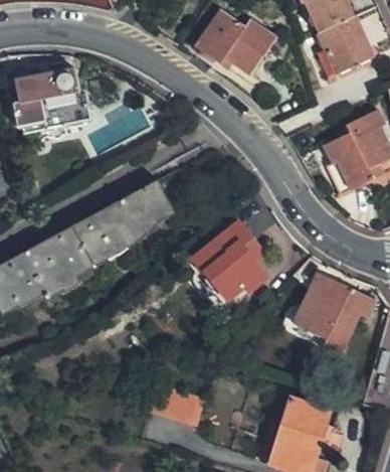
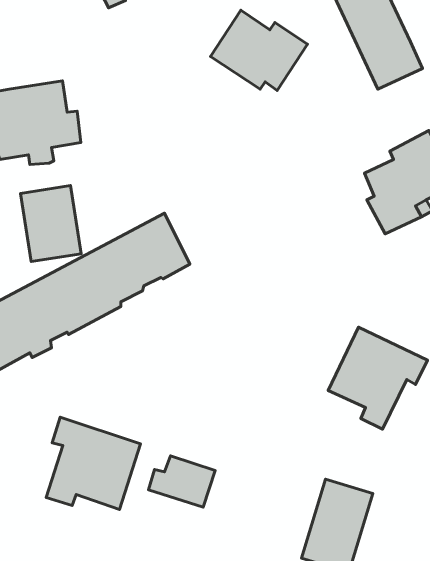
building: none -> [20,186,81,262]
building: [190,222,264,300] -> none
building: none -> [46,417,141,509]

